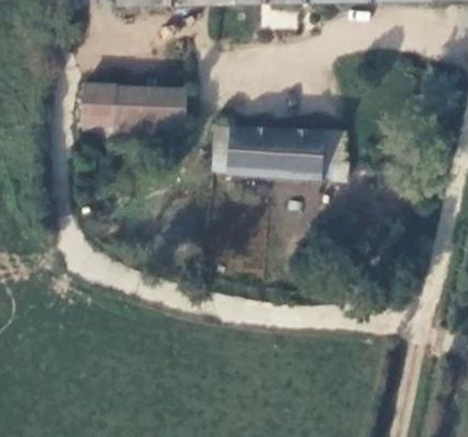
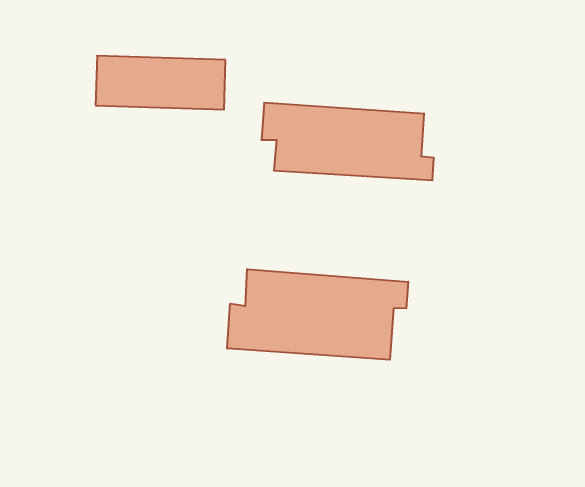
building: none -> [227,269,408,360]

